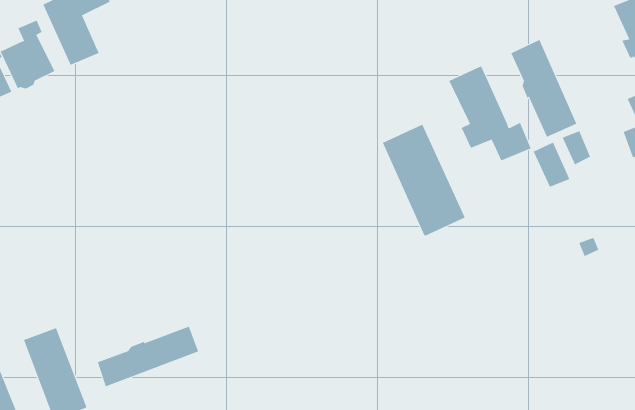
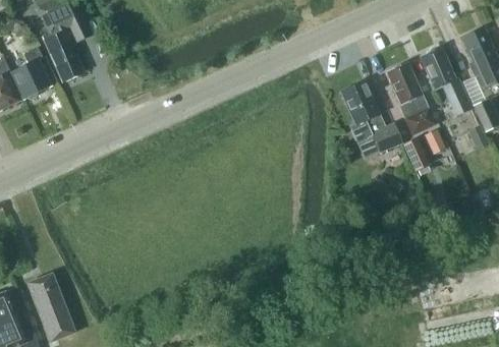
building: none -> [419,47,468,115]
building: [382,124,466,236] -> none
building: [97,326,199,387] -> none

